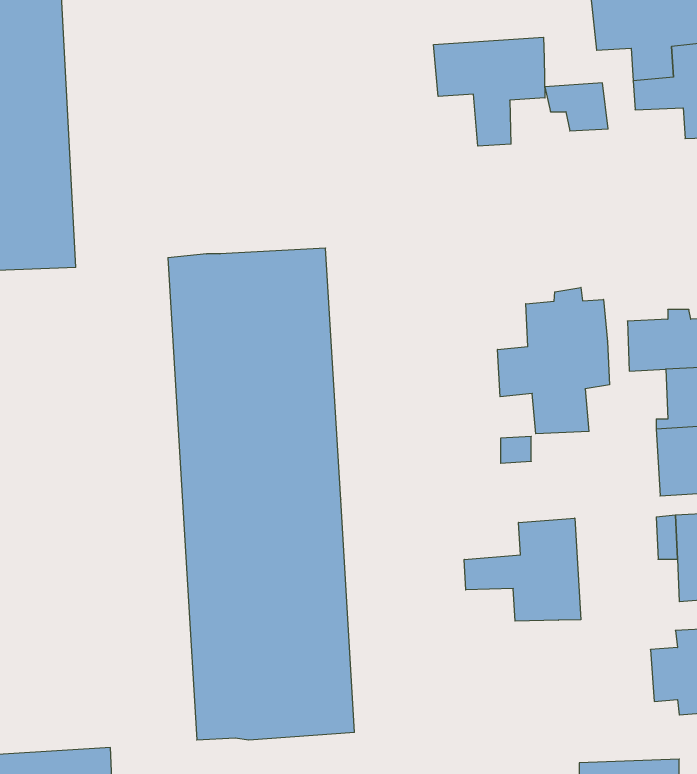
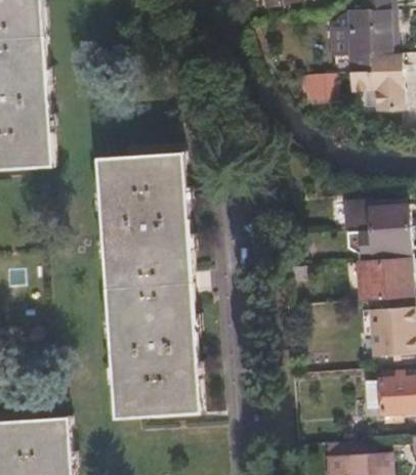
building: [434,37,545,146] -> none
building: [498,287,609,434] -> none
building: [464,518,581,621] -> none

